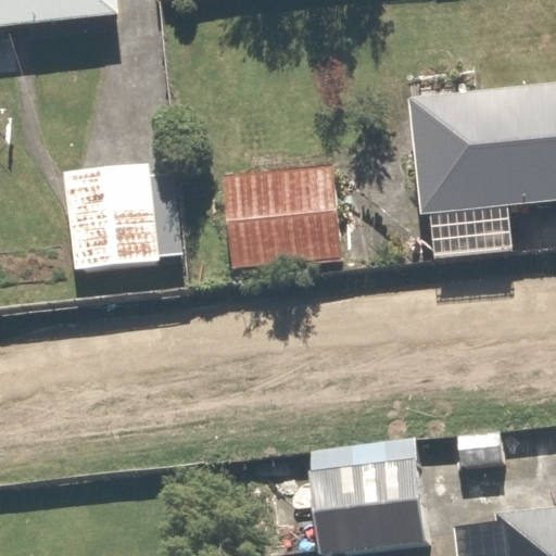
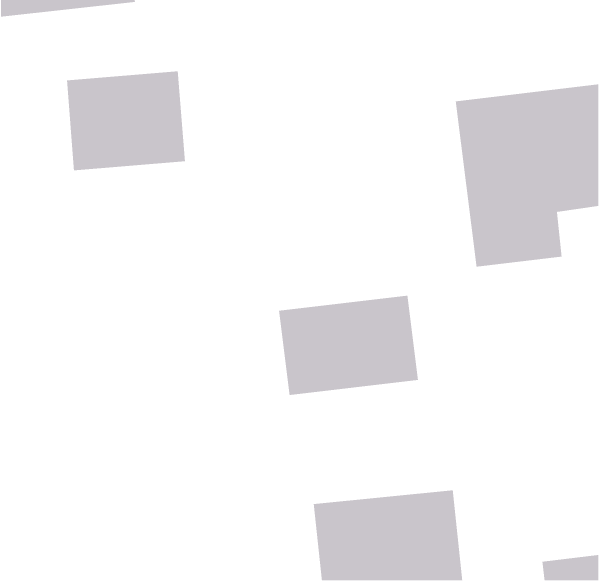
building: [223,178,353,271] -> [278,295,419,396]
building: [55,189,166,282] -> [66,70,186,171]

